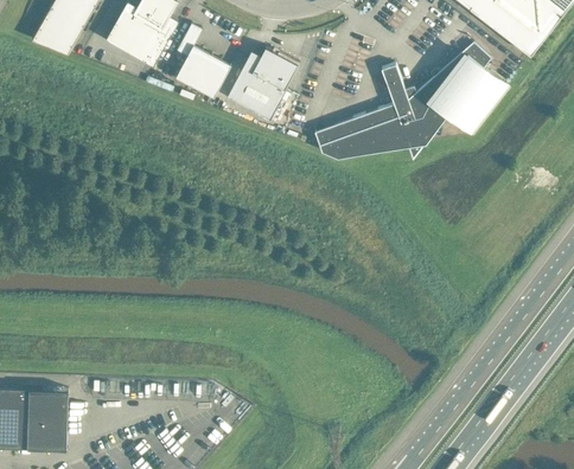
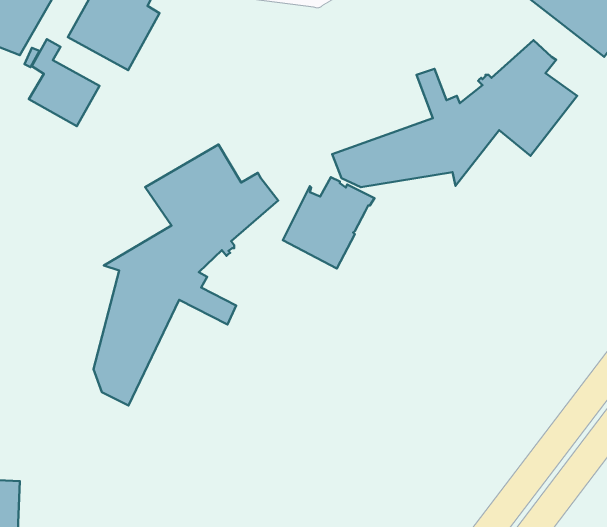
building: [173,30,229,98] -> [29,39,99,126]
building: [227,47,299,120] -> [283,177,374,269]
building: none -> [93,144,278,406]

